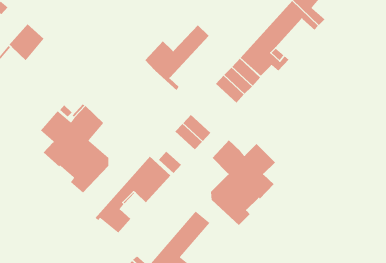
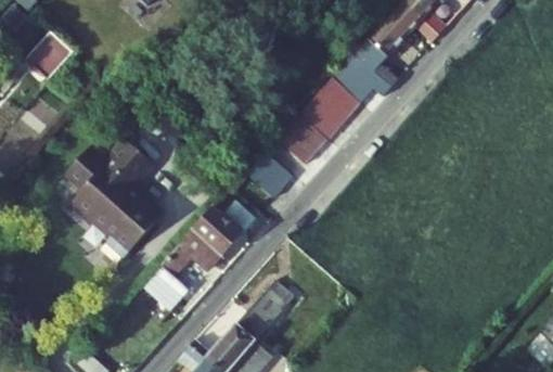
building: [145,24,210,91] -> none
building: none -> [278,112,327,163]
building: [210,140,276,226] -> none

